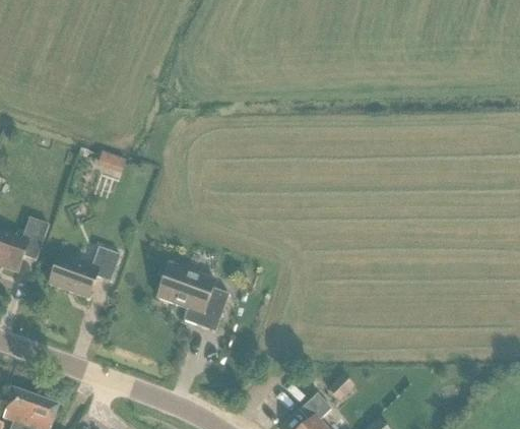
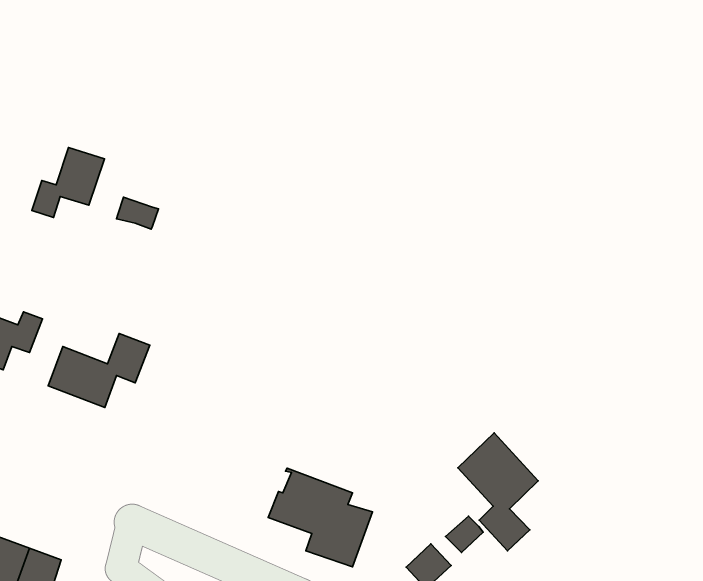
building: none -> [32,148,105,218]
building: [156,261,230,330] -> [268,468,373,567]
building: none -> [458,433,538,551]

